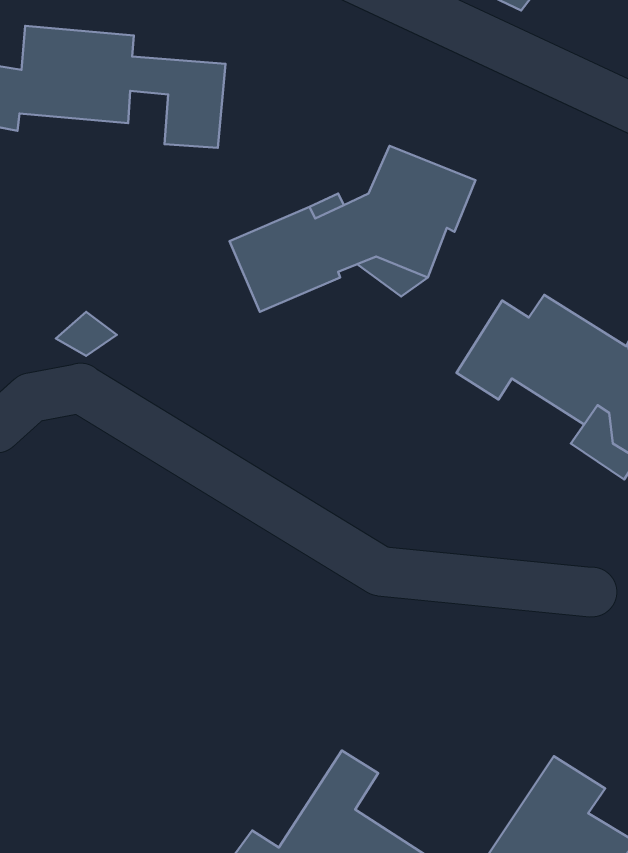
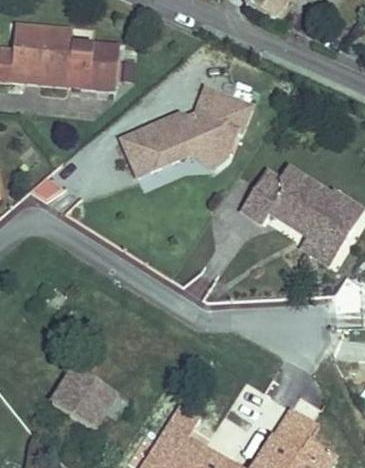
building: none -> [10,59,89,87]
building: none -> [51,366,115,428]

